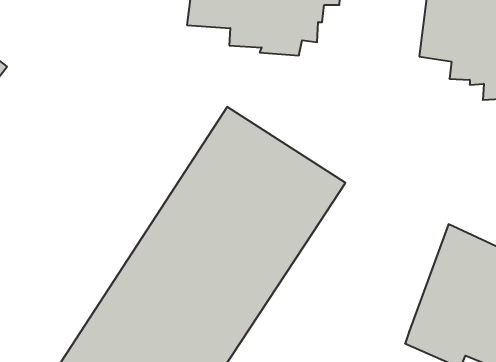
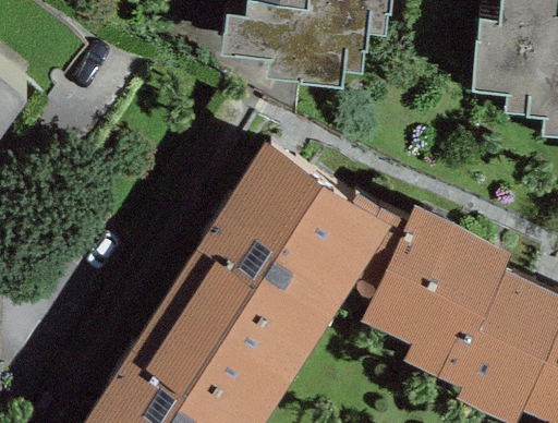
building: none -> [357,209,509,385]

